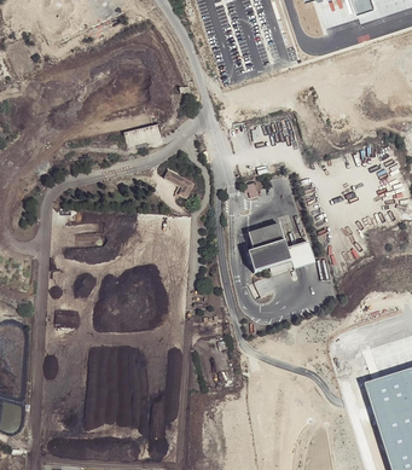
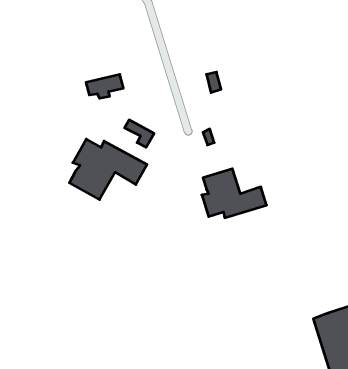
building: none -> [69,139,147,200]

